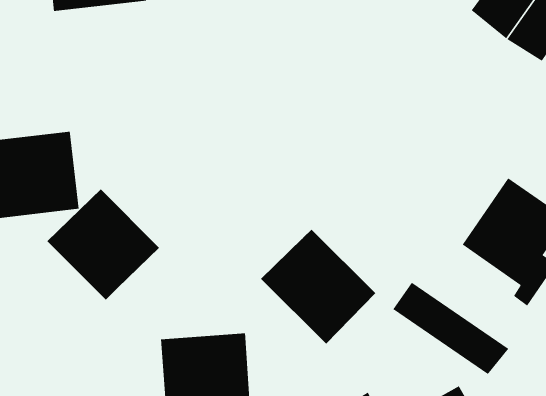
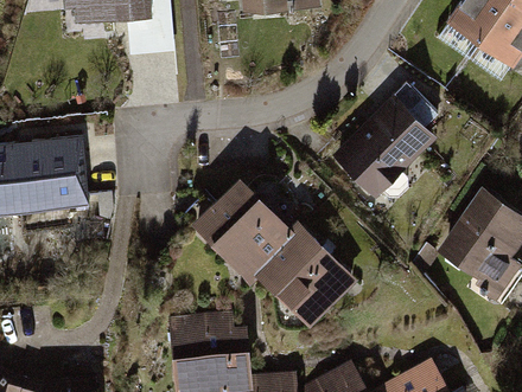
building: none -> [329,95,433,199]
building: [47,188,160,300] -> [190,178,292,278]
building: [393,282,509,375] -> none

